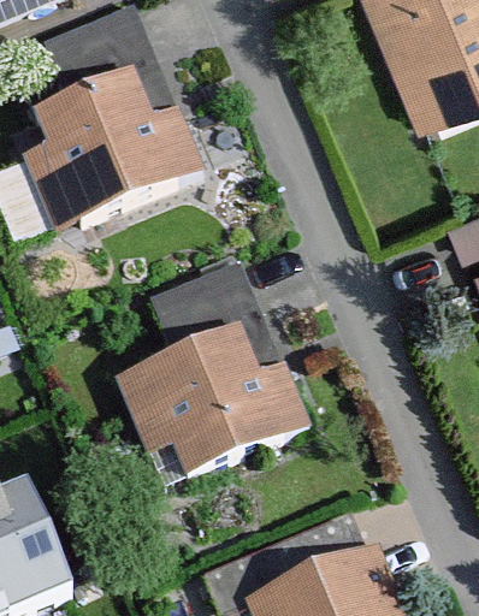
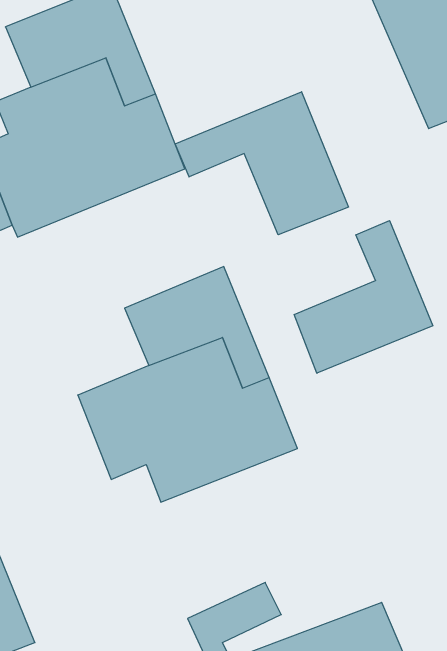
building: none -> [175,92,349,235]
building: none -> [294,221,433,373]

